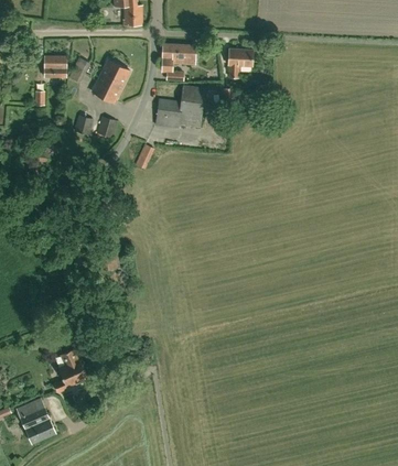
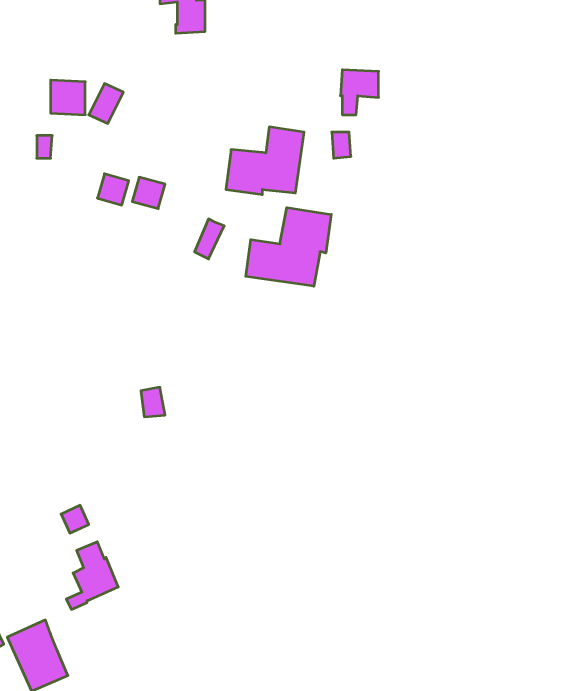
building: [162,43,195,82] -> none
building: [92,59,130,102] -> none
building: none -> [246,208,331,286]

